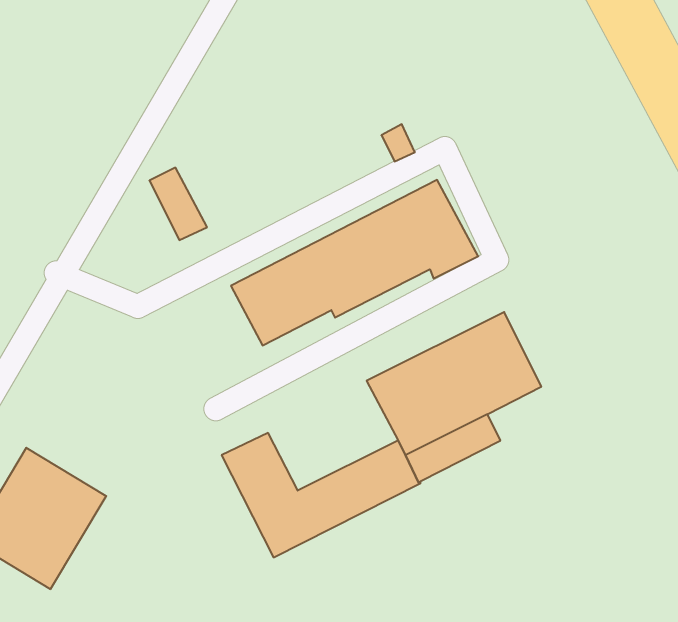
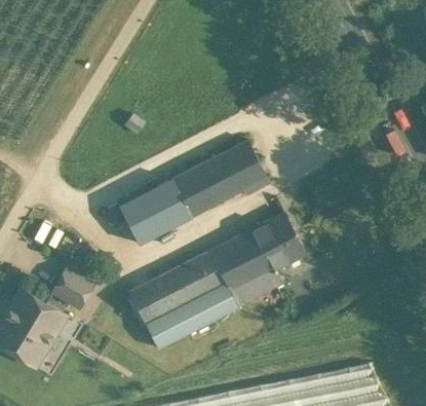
building: [149,168,207,240] -> [120,199,152,239]
building: none -> [155,252,227,312]
building: none -> [52,268,94,309]

